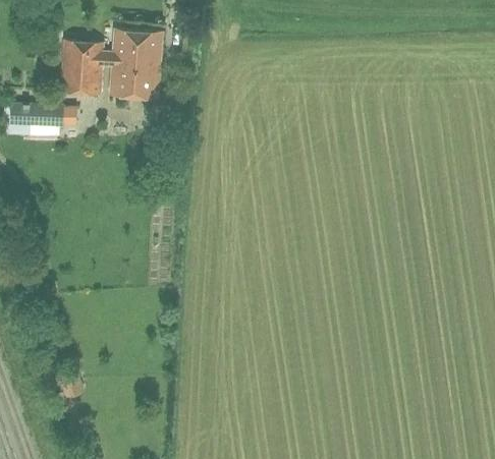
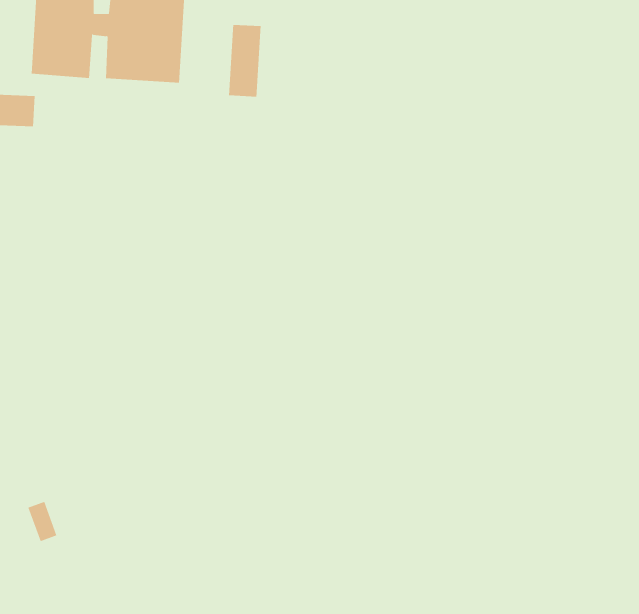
building: none -> [228,24,261,97]

